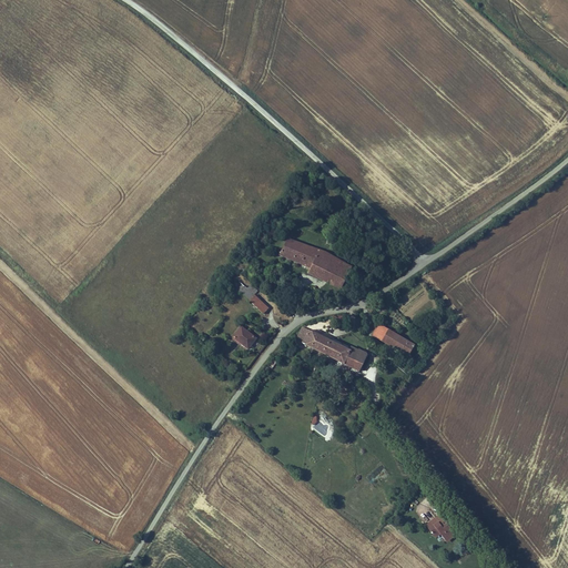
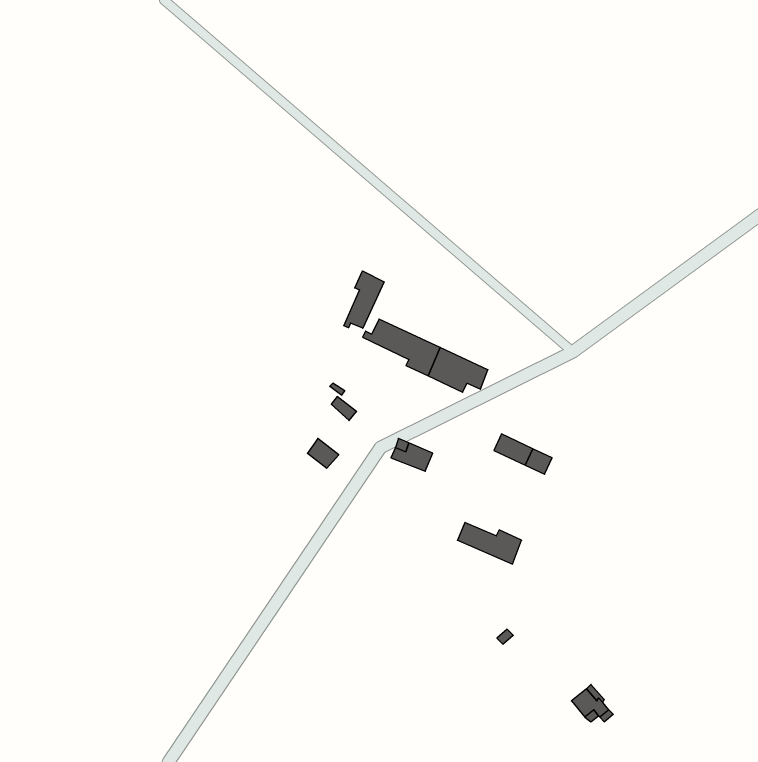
building: none -> [344,271,384,328]
building: [320,337,367,368] -> [457,522,522,564]

